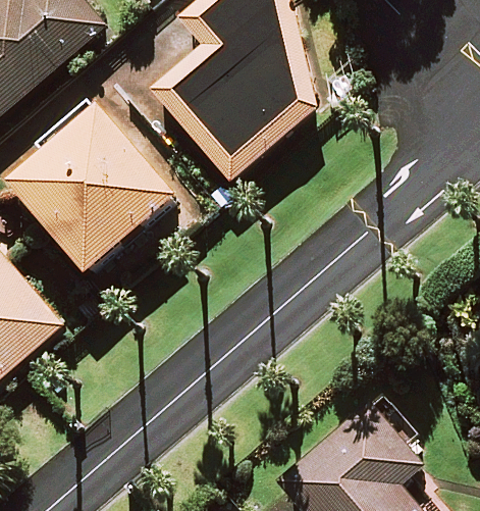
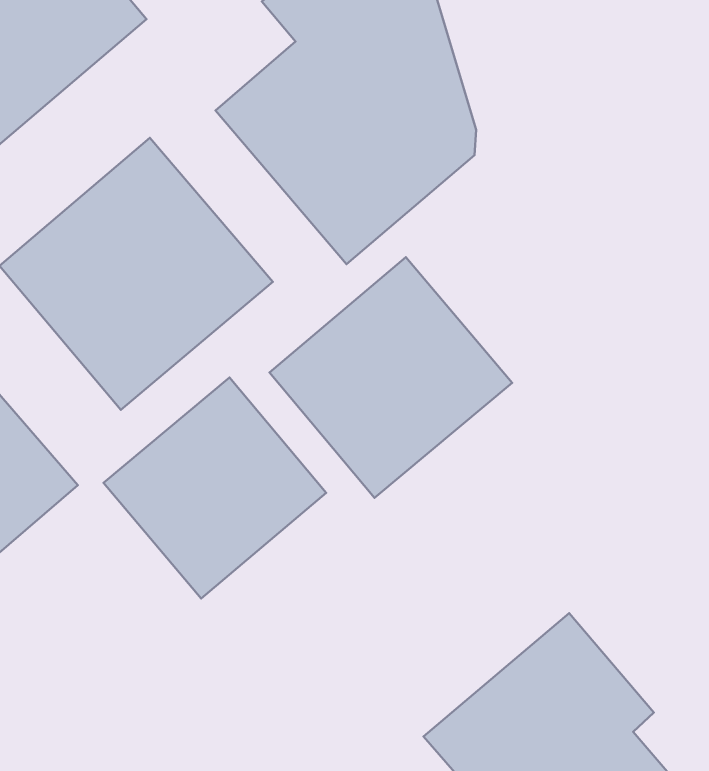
building: none -> [270,257,512,498]
building: none -> [103,378,326,598]

